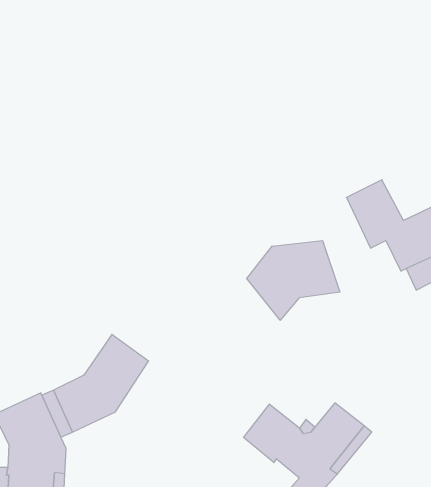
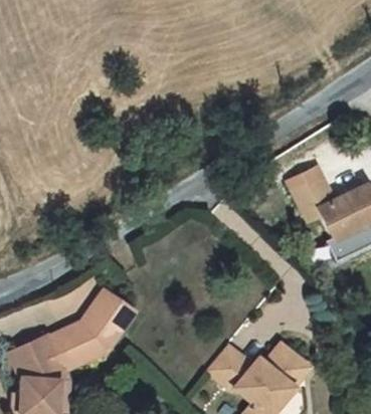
building: [247,241,340,320] -> none

